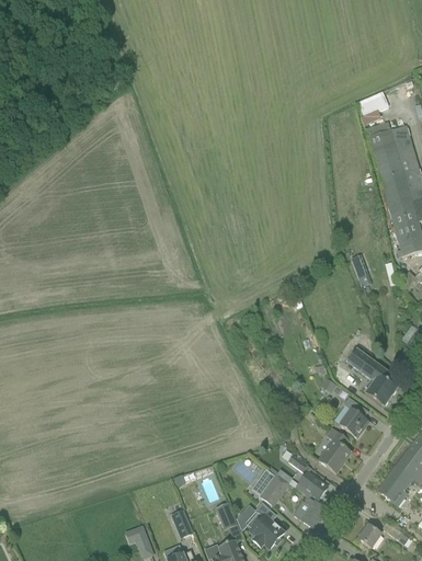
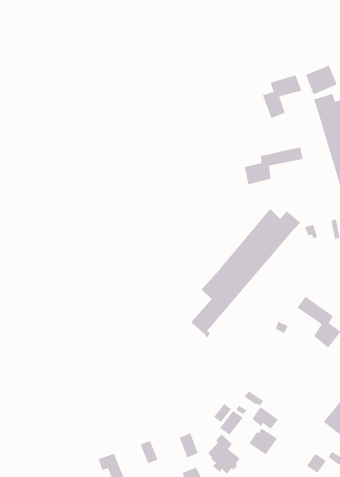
building: none -> [262,75,302,119]
building: none -> [244,147,303,185]
building: none -> [190,208,301,338]
building: [339,397,367,437] -> none
building: [318,428,351,473] -> none

